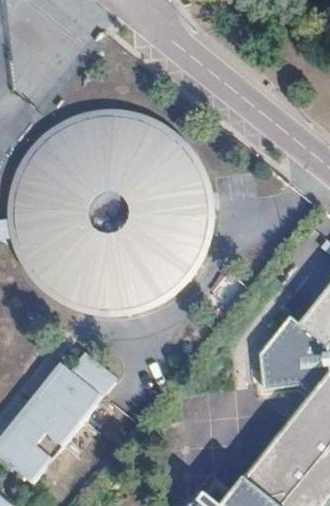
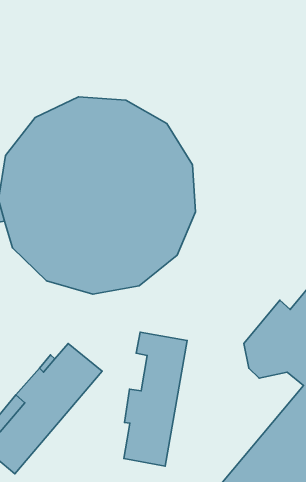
building: none -> [124,332,187,466]

